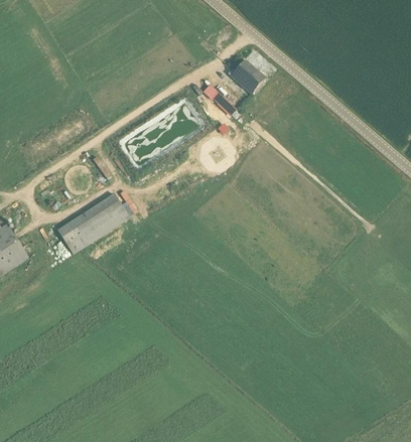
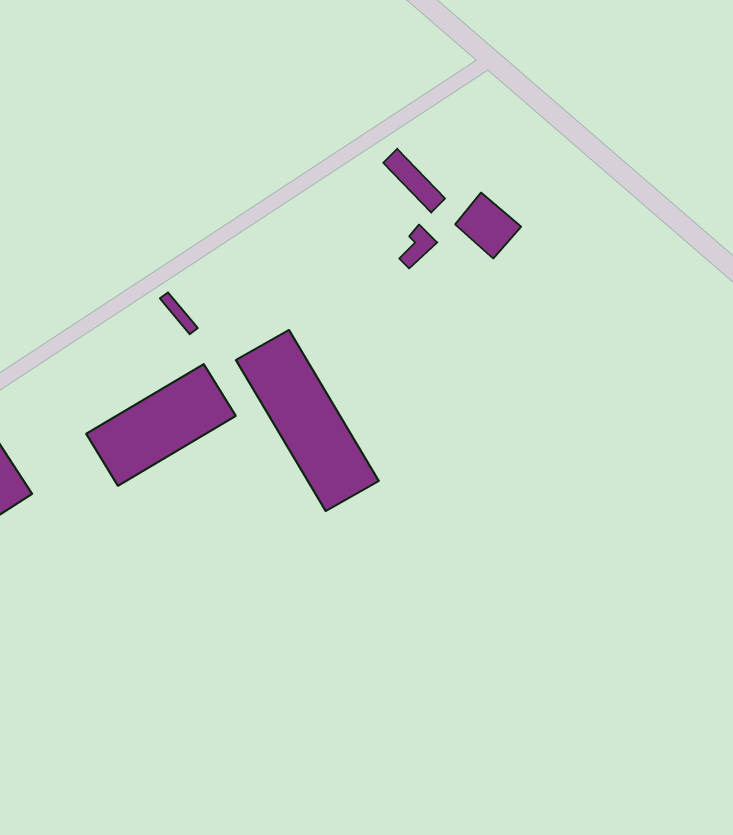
building: [232,59,265,93] -> [455,193,521,258]
building: none -> [236,330,379,511]

